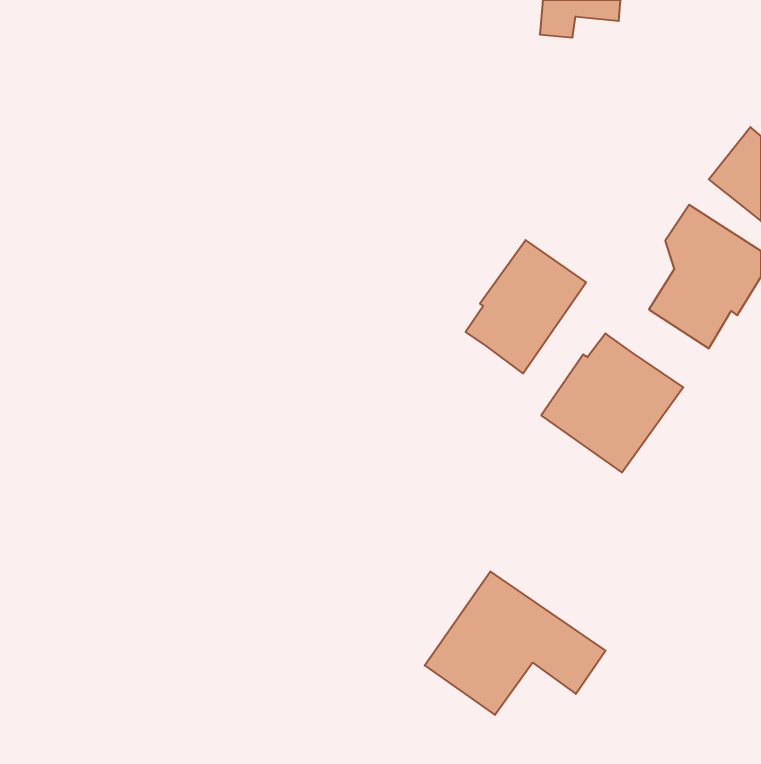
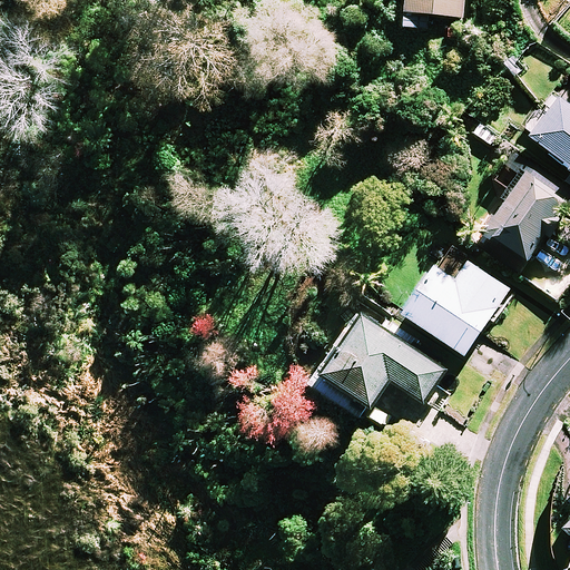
building: [466,240,586,373] -> none
building: [425,571,606,715] -> [311,311,445,417]

